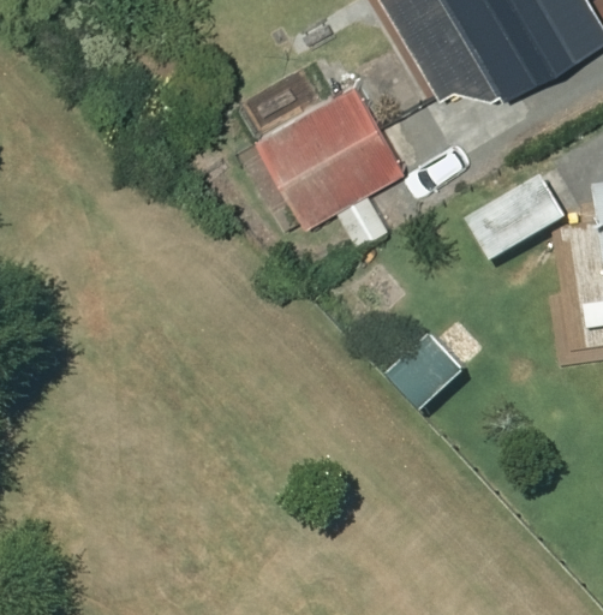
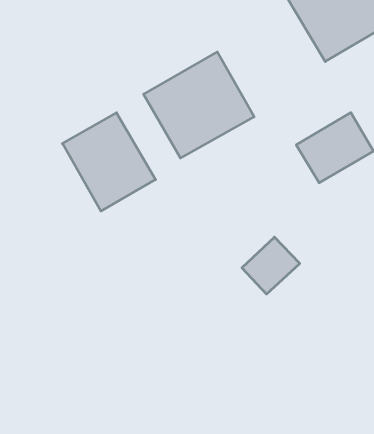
building: none -> [62,113,156,211]

